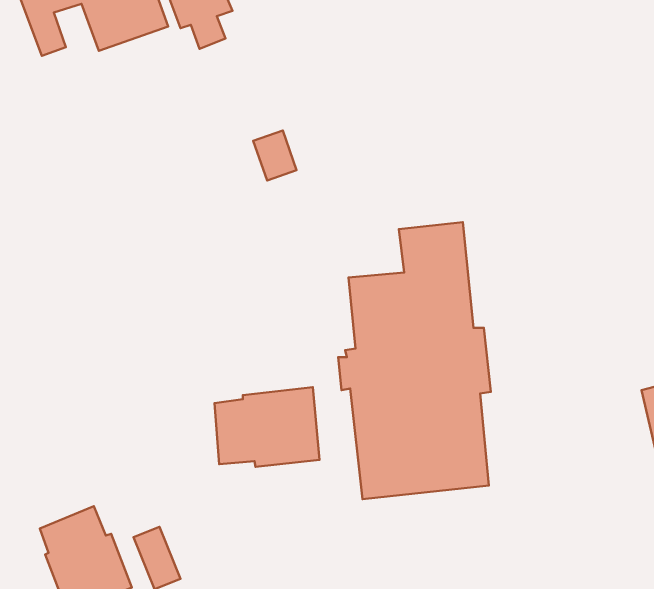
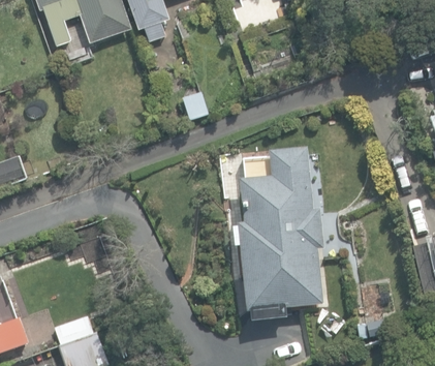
building: [214,387,320,467] -> none

